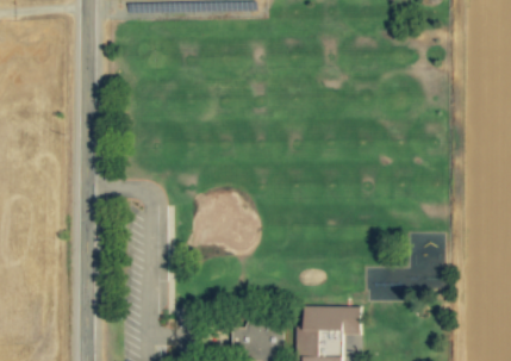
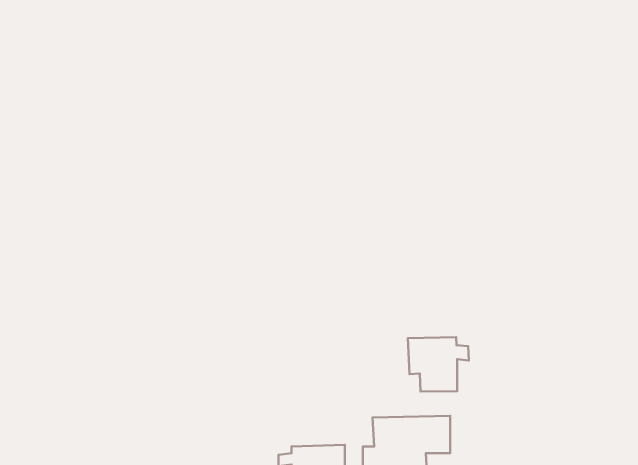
building: none -> [408,337,469,392]

